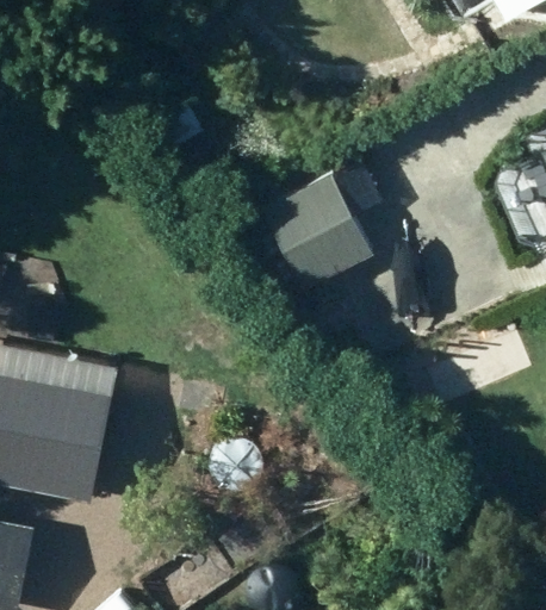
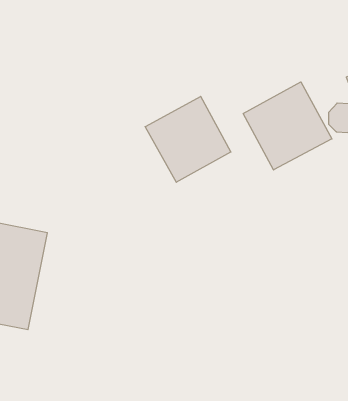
building: none -> [243,82,332,170]

